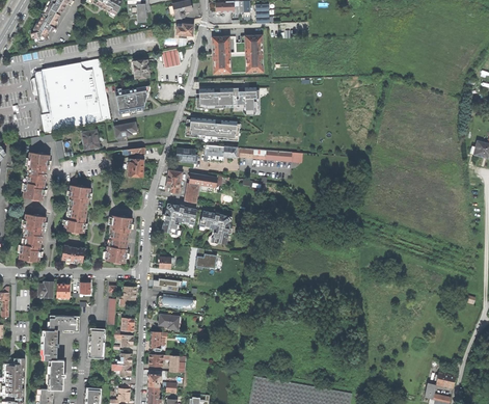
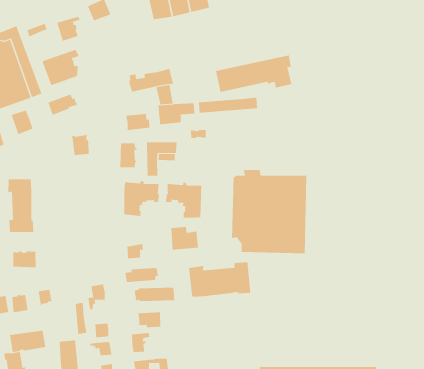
building: [198,85,263,111] -> [215,55,292,93]
building: none -> [232,169,307,254]
building: [105,215,132,263] -> none
building: none -> [189,262,251,298]

